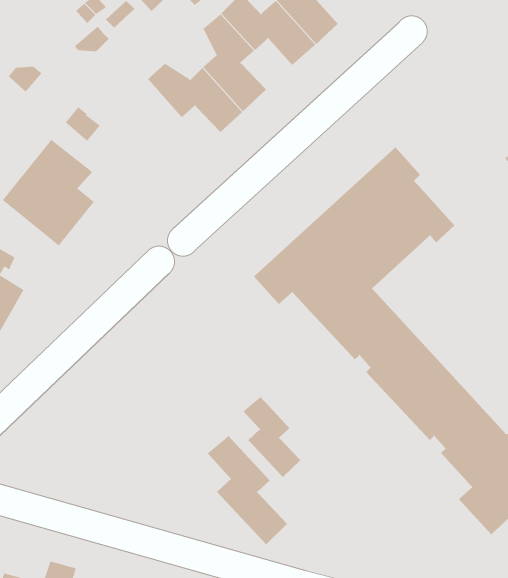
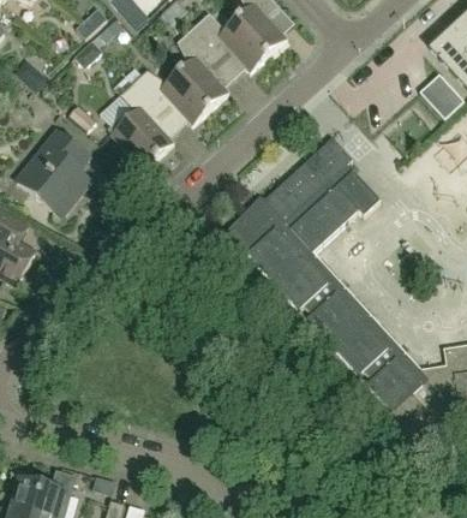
building: none -> [109,82,174,169]
building: [243,396,301,478] -> none
building: [207,435,288,545] -> none

